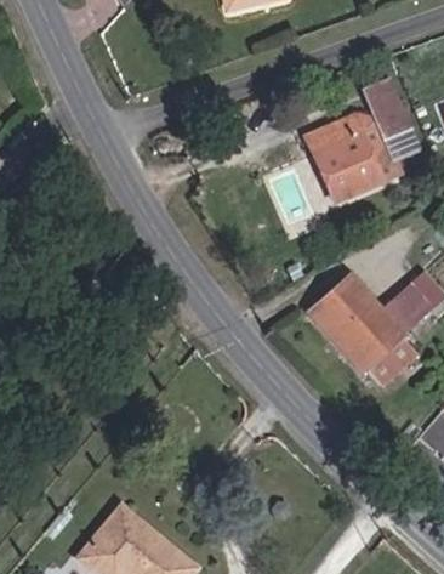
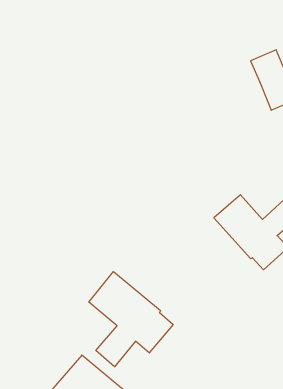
building: [307,114,398,201] -> none
building: none -> [89,272,173,367]

